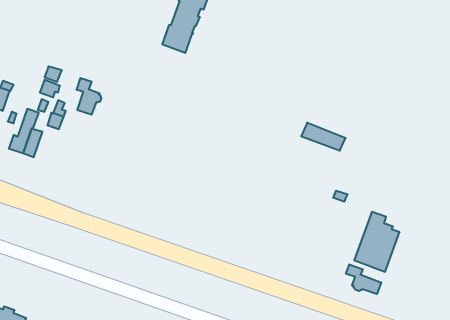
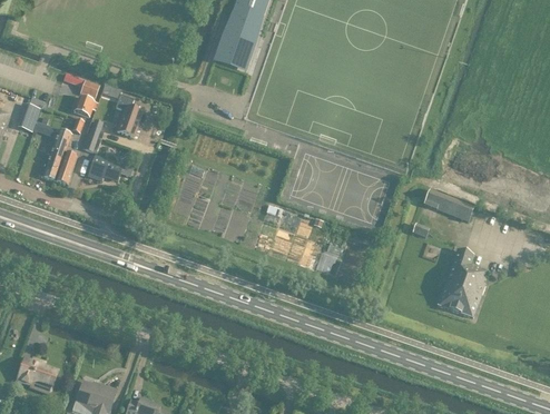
building: [301,123,346,151] -> [423,188,474,220]
building: none -> [88,156,122,180]
building: [346,264,381,294] -> none

